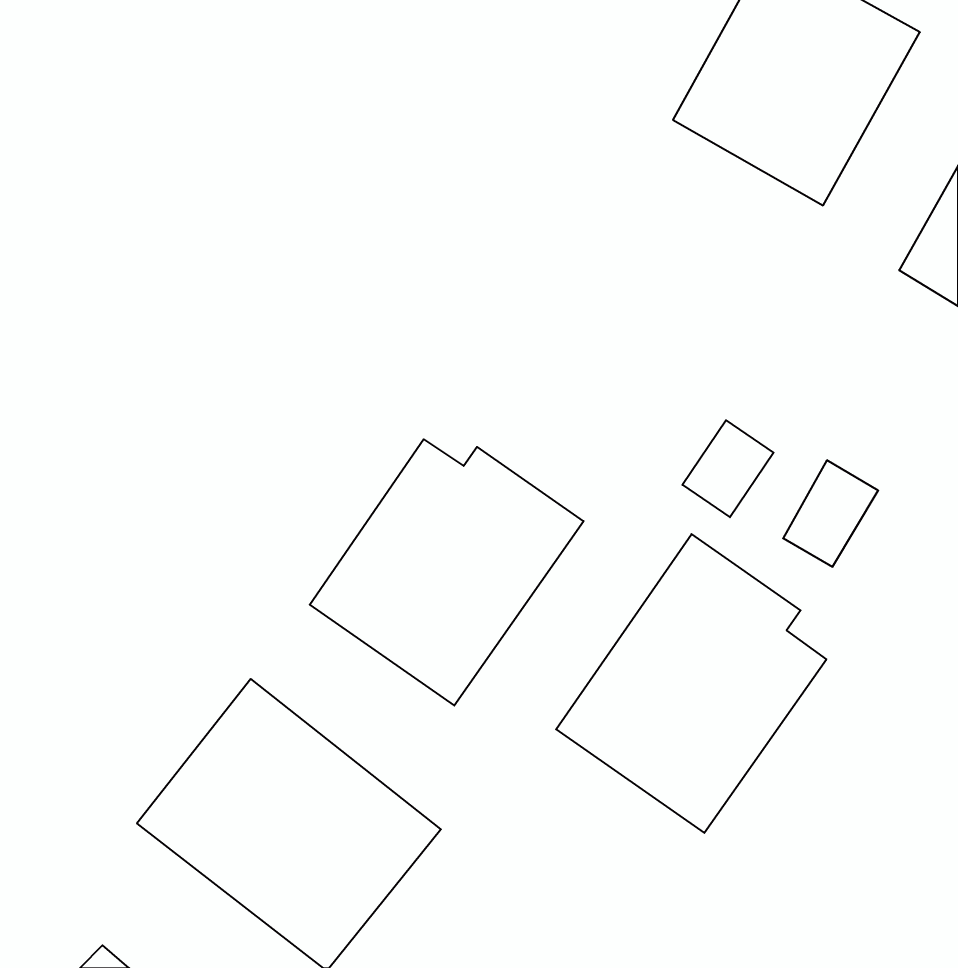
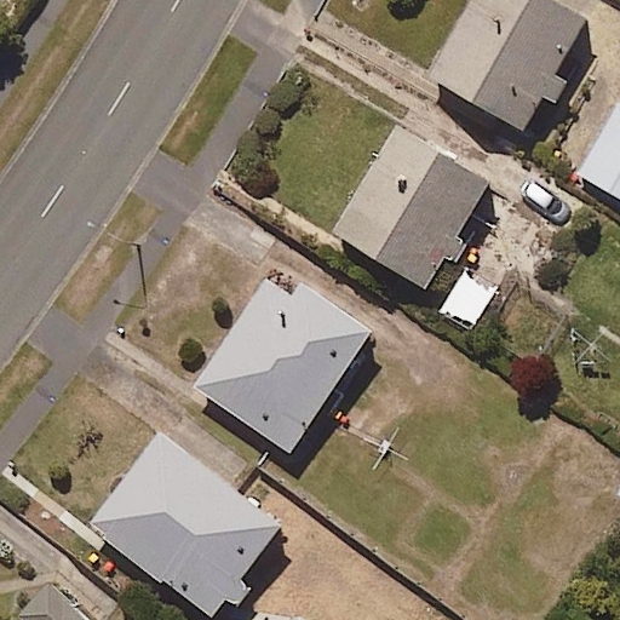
building: none -> [331,127,488,289]
building: [556,534,826,833] -> none

